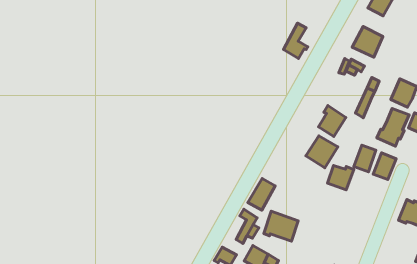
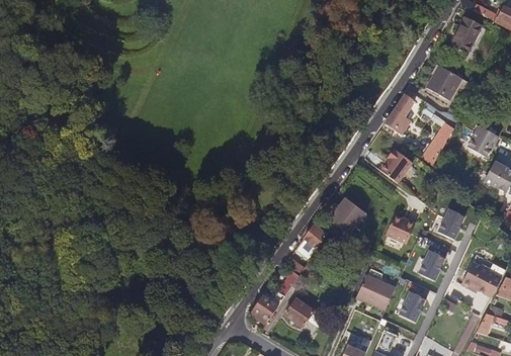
building: [283,23,308,58] -> [385,94,412,134]
building: [377,109,409,146] -> none
building: [306,136,338,168] -> [328,199,364,236]
building: [354,145,376,172] -> [418,248,444,278]
building: [264,211,298,241] -> [355,273,395,308]
building: none -> [399,289,425,320]

